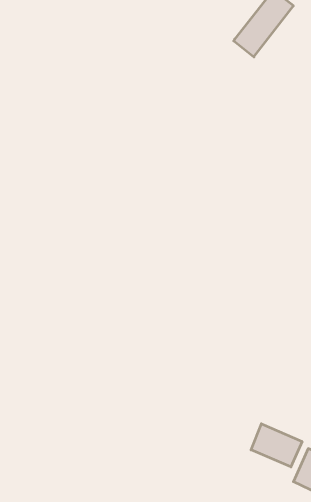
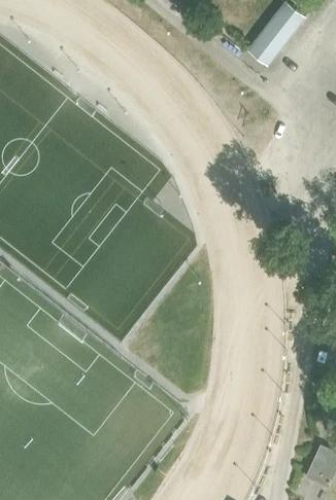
building: [251,424,302,467] -> none

